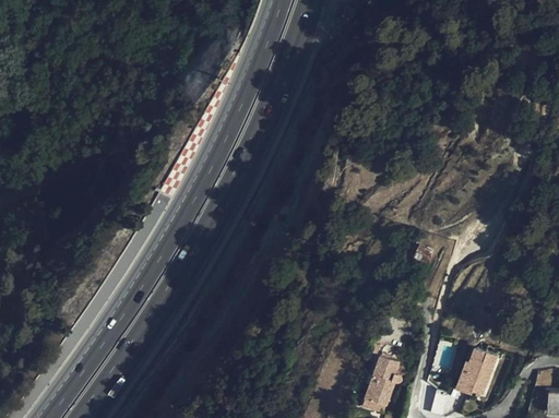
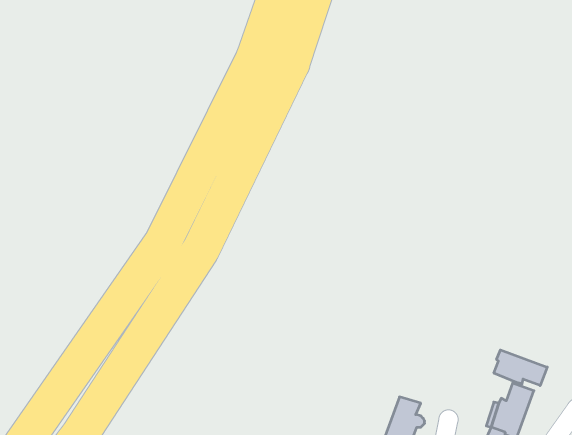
building: none -> [494,350,547,386]

